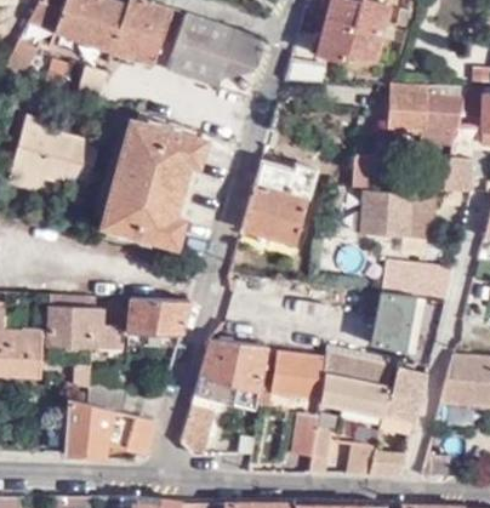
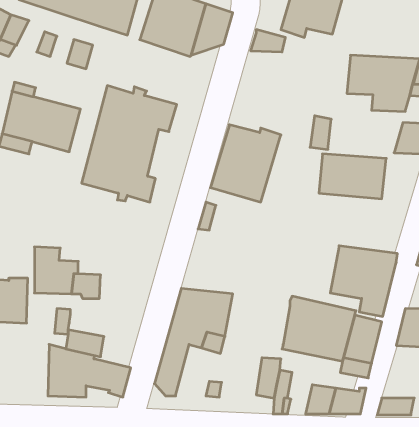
building: [381,264,452,302] -> none
building: [130,298,190,333] -> none
building: [261,352,327,400] -> none

